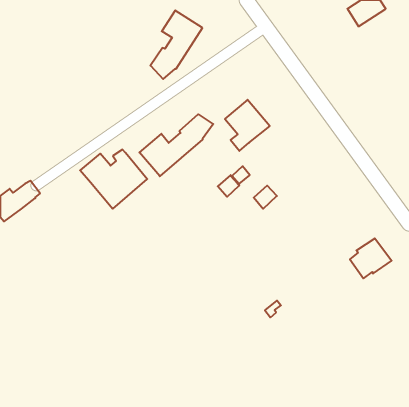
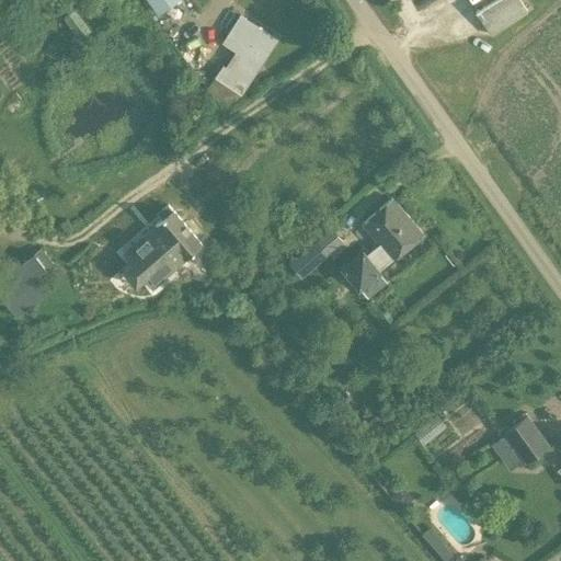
building: [225,100,270,151] -> [362,199,423,270]
building: [139,114,213,176] -> none
building: [350,238,392,278] -> [493,416,550,471]

